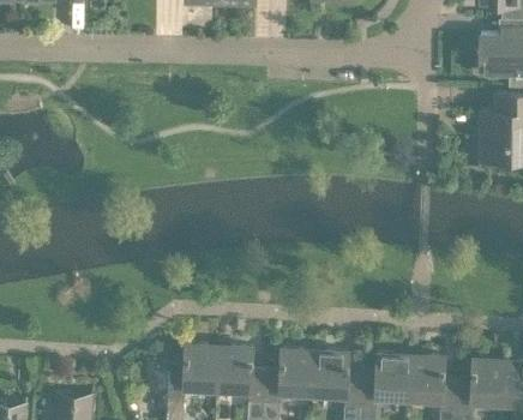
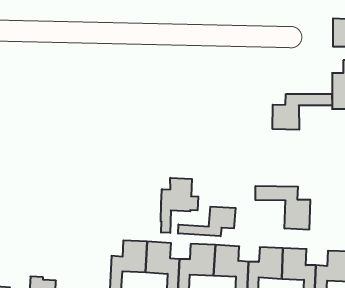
building: none -> [273,94,332,130]
building: none -> [161,178,198,233]
building: none -> [255,186,310,230]
building: none -> [178,207,236,236]

